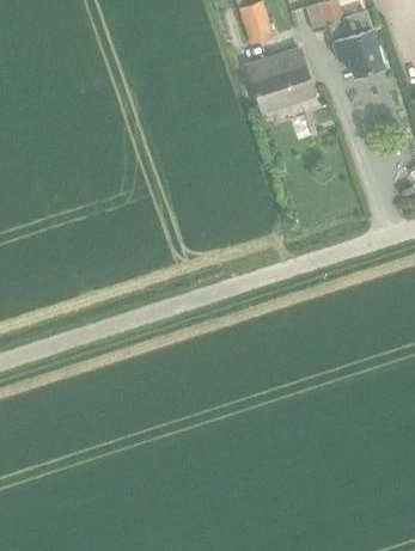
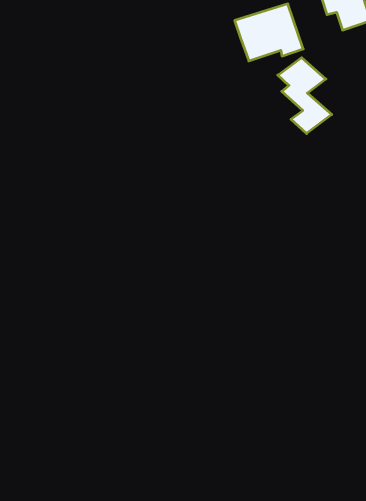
building: none -> [278,58,332,134]

